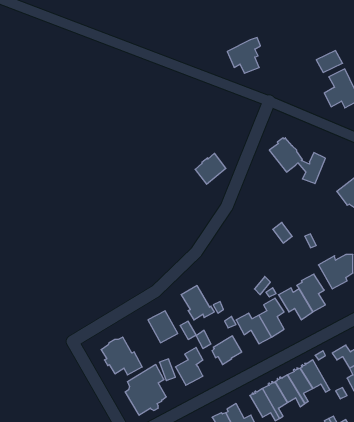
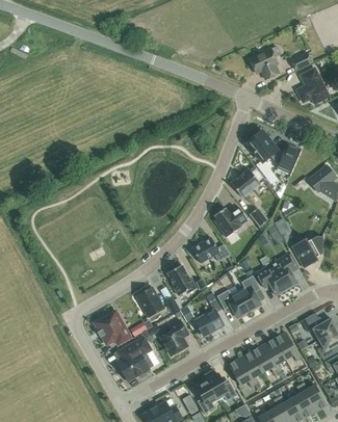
building: [227,38,260,73] -> [251,46,281,78]
building: [195,153,226,184] -> [232,168,260,196]
building: none -> [215,206,249,237]
building: none -> [192,237,231,263]

